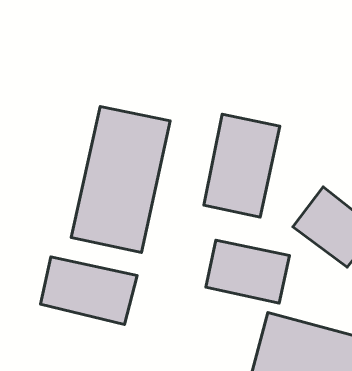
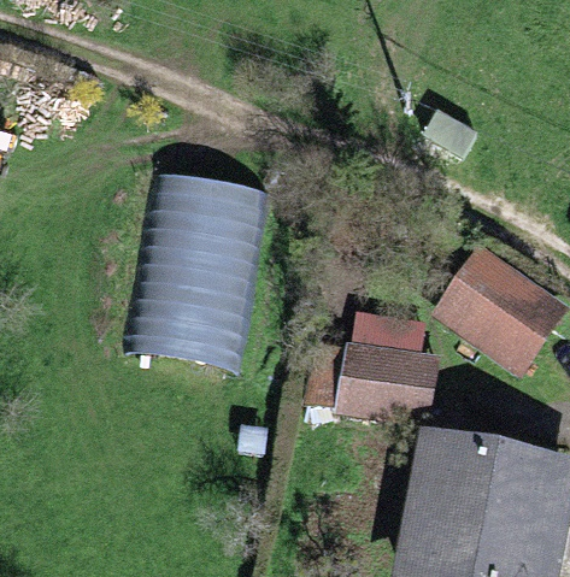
building: [204,114,280,217] -> none
building: [41,257,137,325] -> none

